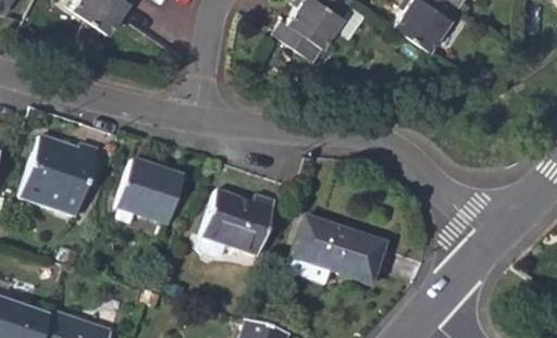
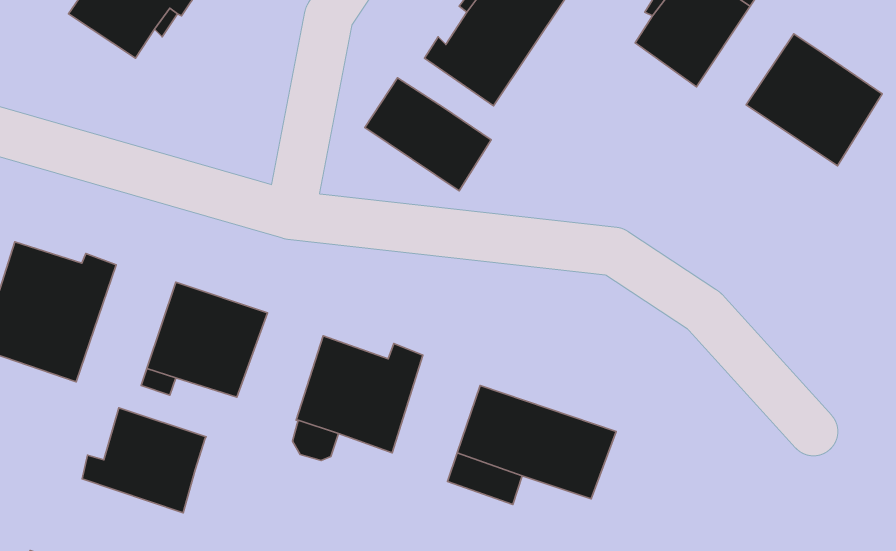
building: none -> [746,34,882,166]
building: none -> [365,78,491,191]
building: none -> [82,408,206,513]

